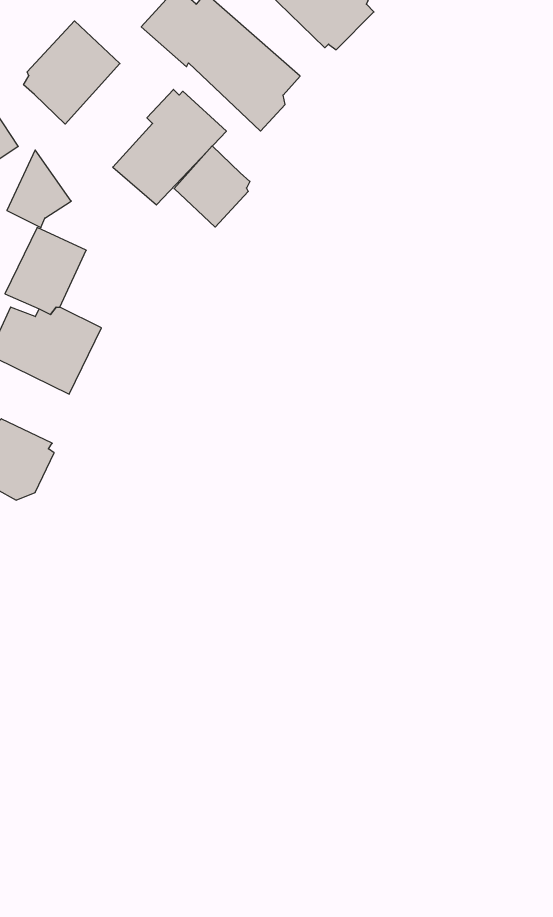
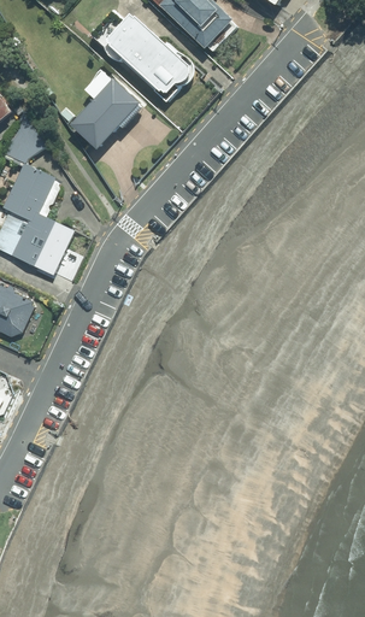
building: [24,21,120,124] -> none
building: [174,146,250,227] -> none

